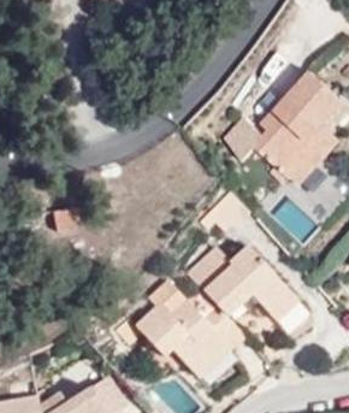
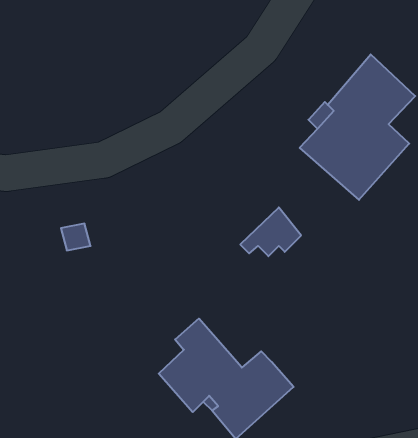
building: [187,247,297,323] -> none

